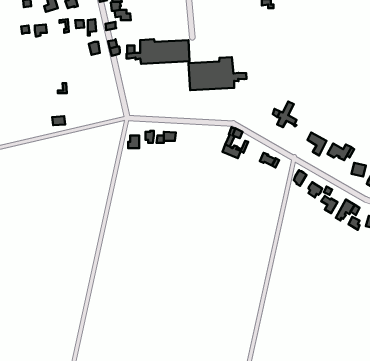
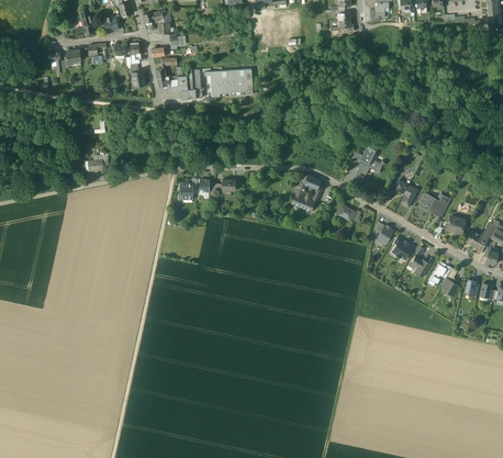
building: [188,57,247,90] -> none

